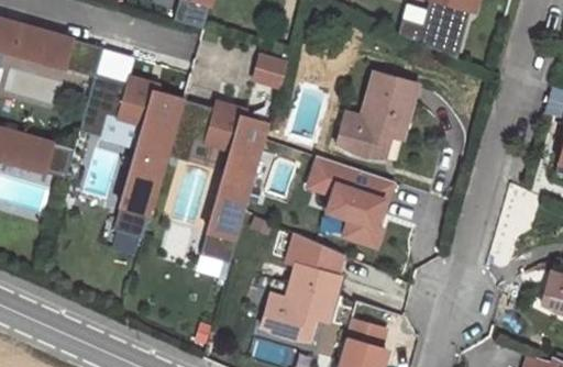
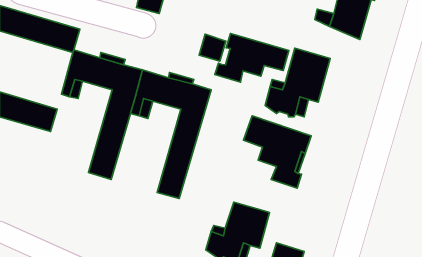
building: none -> [215,33,289,82]
building: [284,233,343,276] -> none

